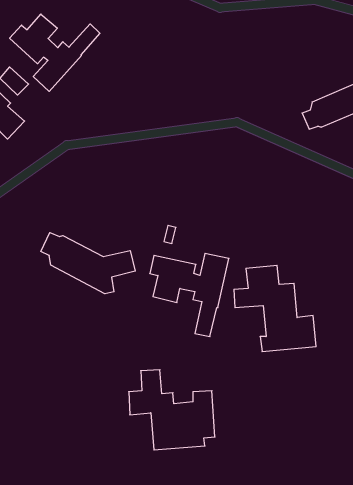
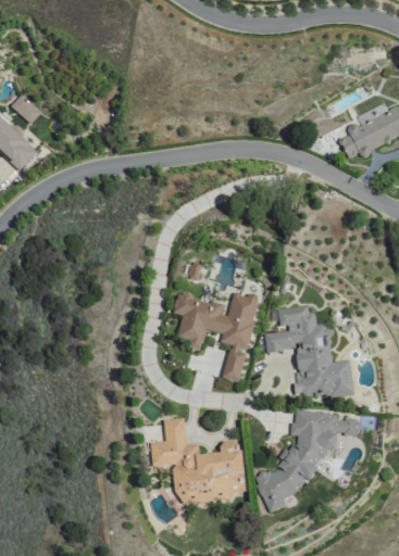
building: [10,14,100,91] -> none
building: [41,233,135,294] -> none
building: none -> [258,408,361,513]

